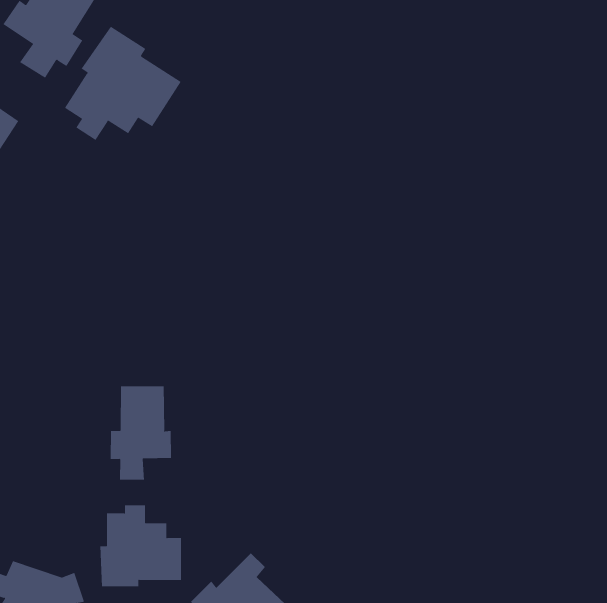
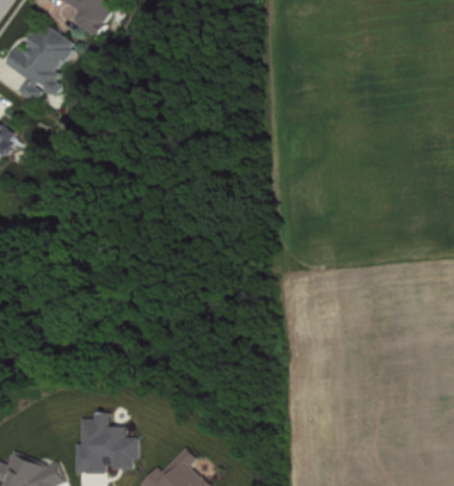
building: [64,26,182,141] -> none
building: [110,386,172,480] -> none

